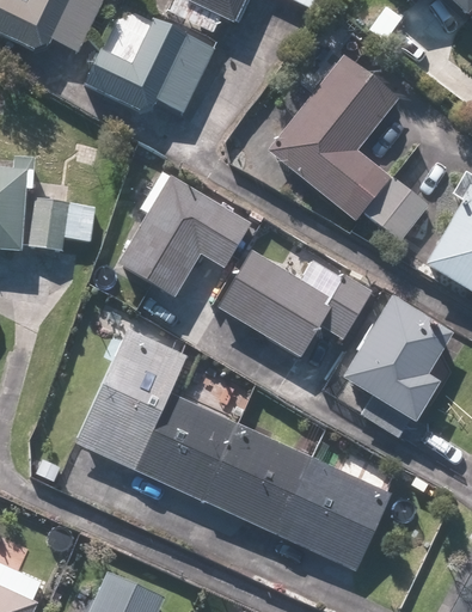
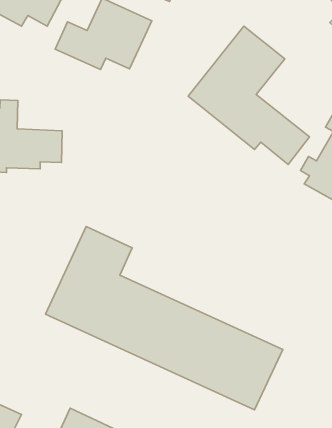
building: [117,170,252,296] -> none
building: [216,249,372,355] -> none
building: [339,294,453,434] -> none

